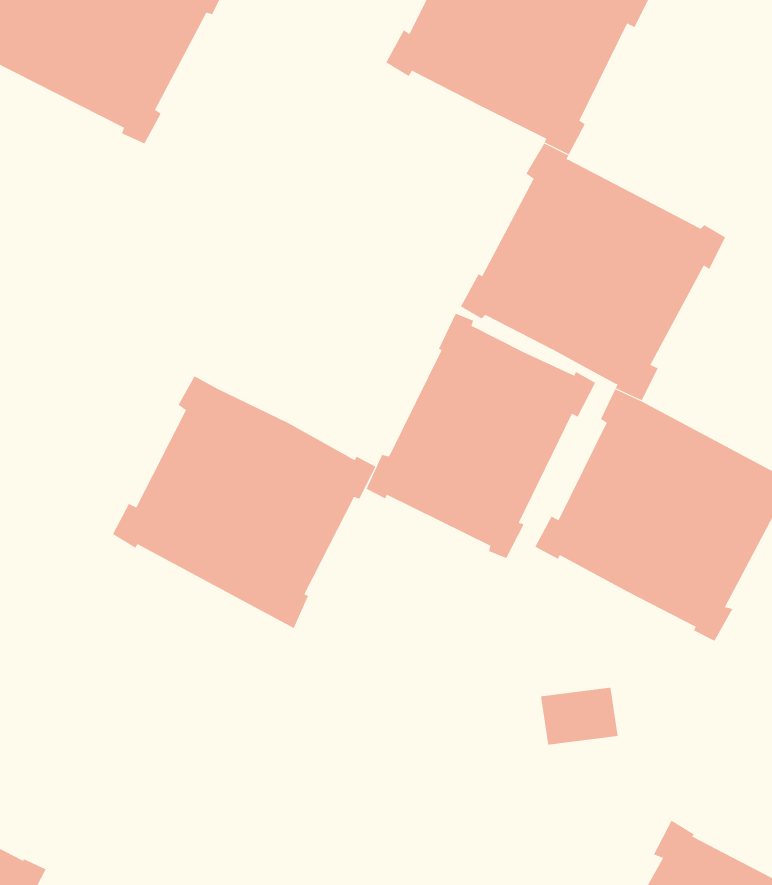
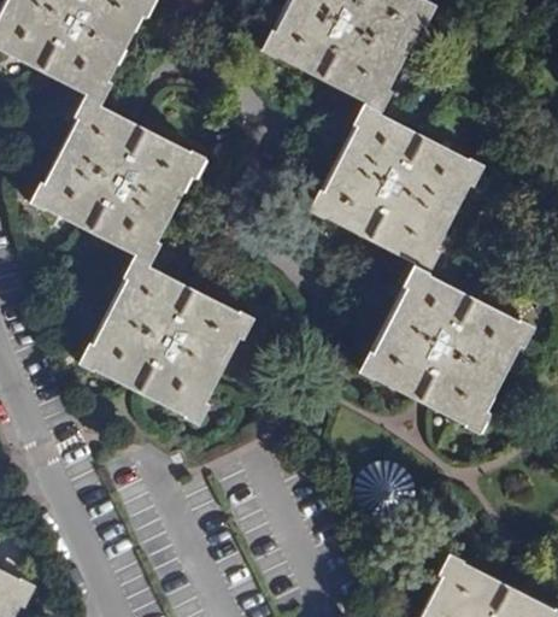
building: none -> [28,96,205,265]
building: [366,313,596,559] -> none

